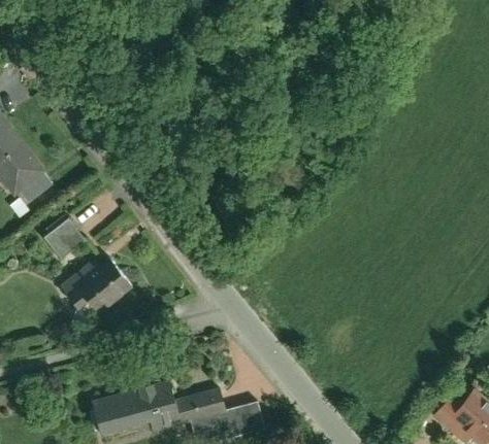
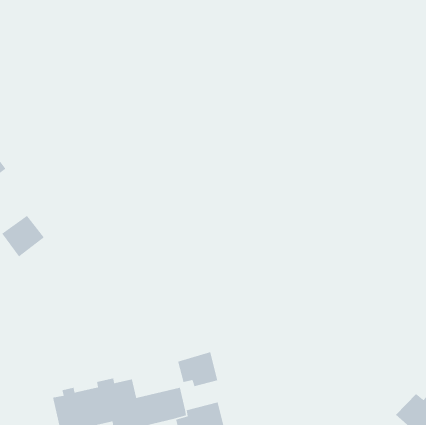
building: [57,258,133,316] -> none
building: none -> [177,351,218,387]

